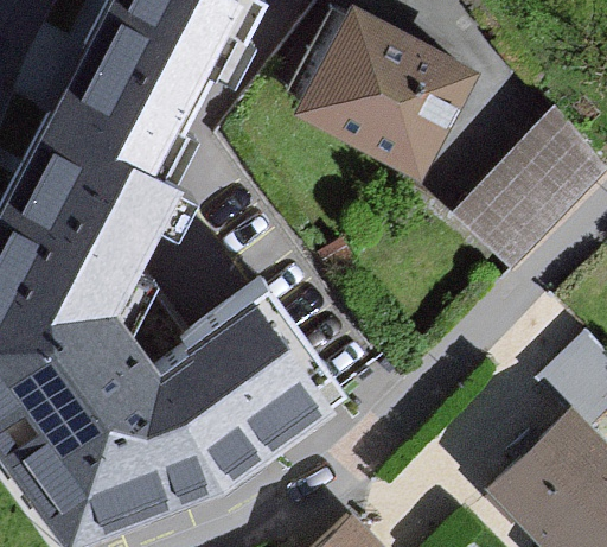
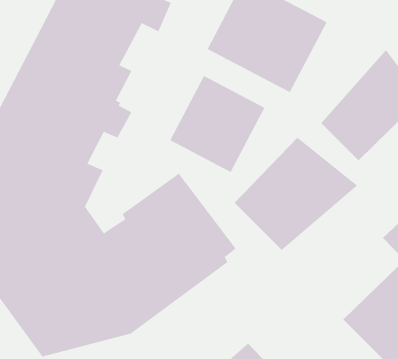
building: none -> [170,75,265,173]
building: none -> [234,137,358,251]

